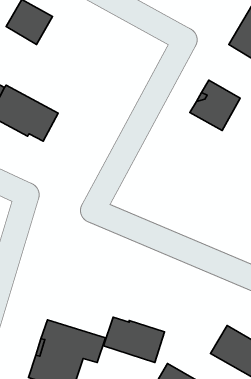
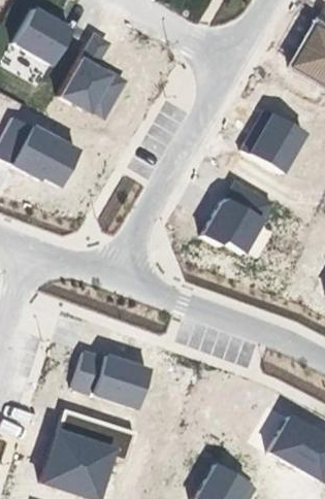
building: none -> [60,34,127,118]
building: none -> [203,180,273,253]
building: [103,317,165,362] -> [73,352,150,408]

